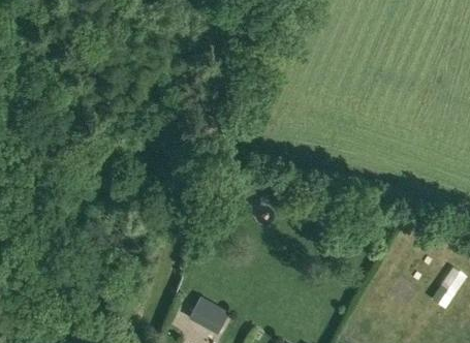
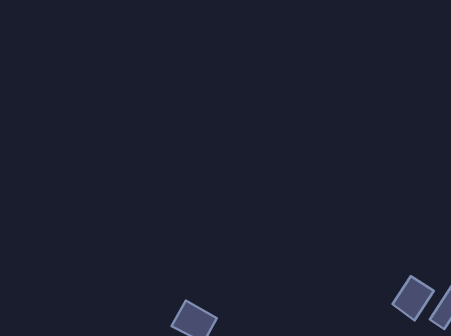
building: none -> [392,276,434,321]

